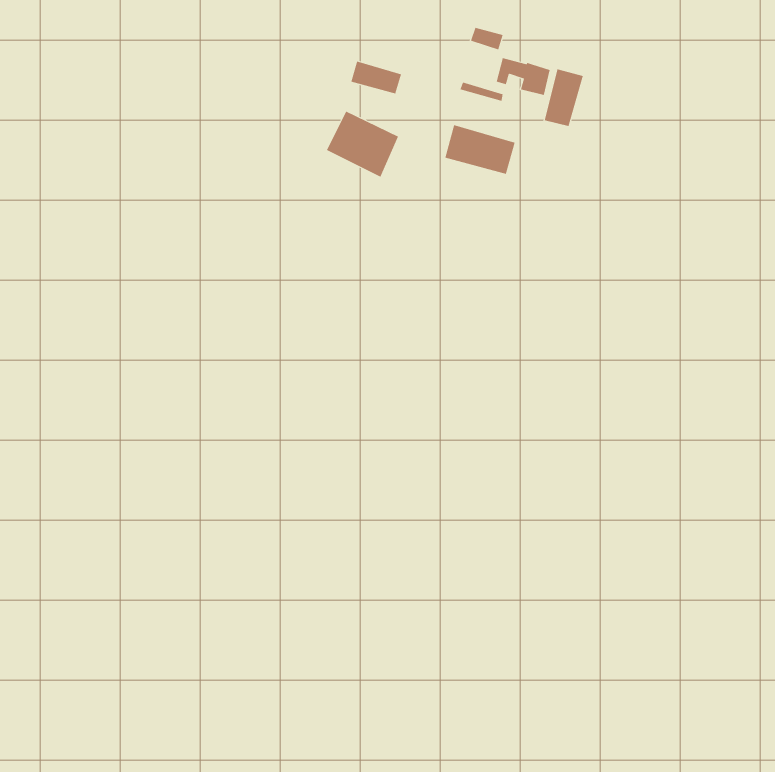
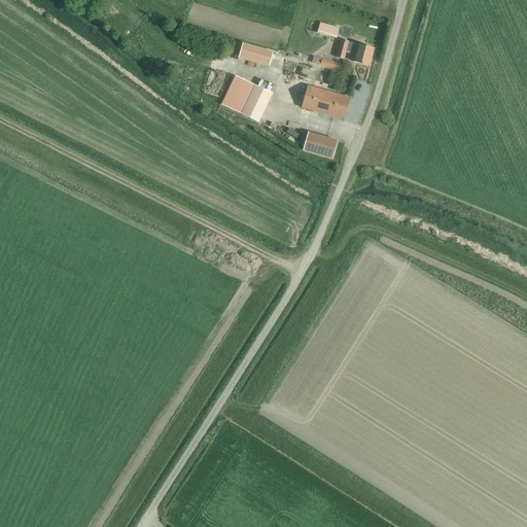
building: [544,69,583,127] -> none
building: none -> [303,131,337,157]

